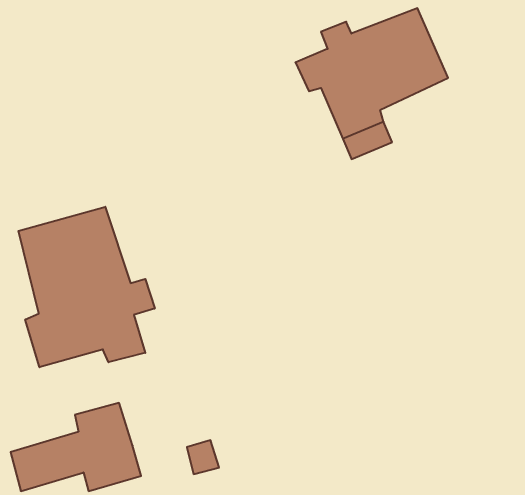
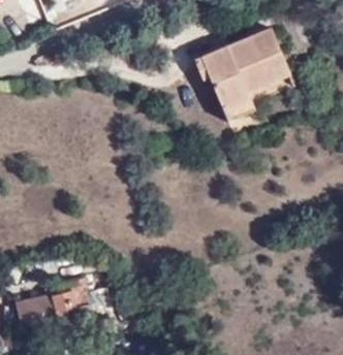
building: [18,207,155,367] -> none

